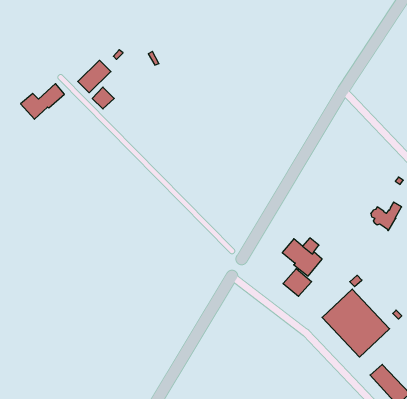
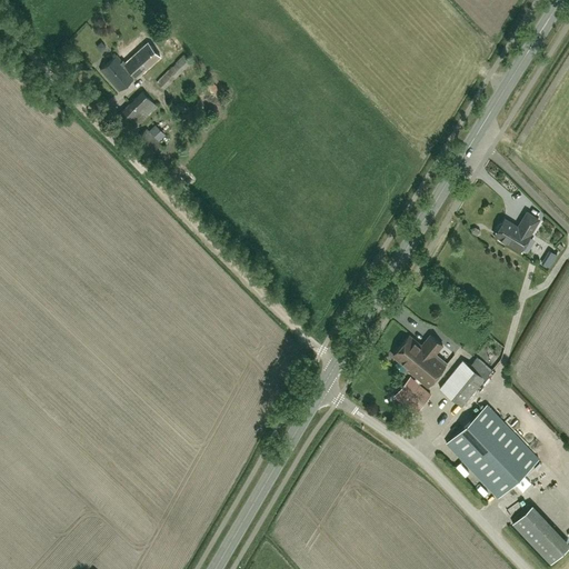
building: [21,84,64,119] -> [100,42,160,91]
building: [371,202,402,230] -> [496,212,538,251]
building: none -> [439,357,492,407]

